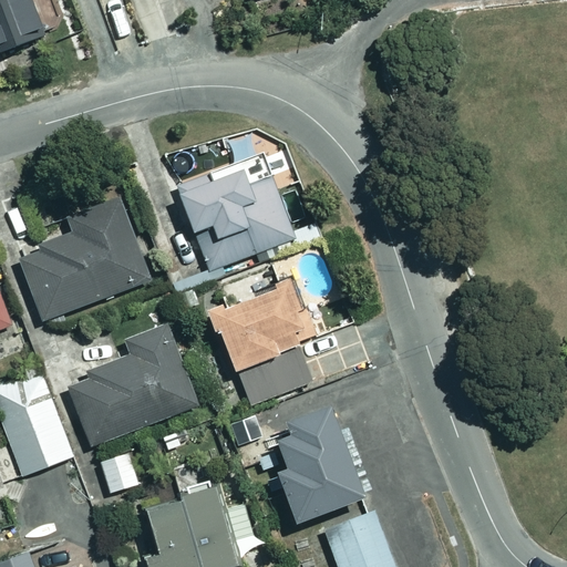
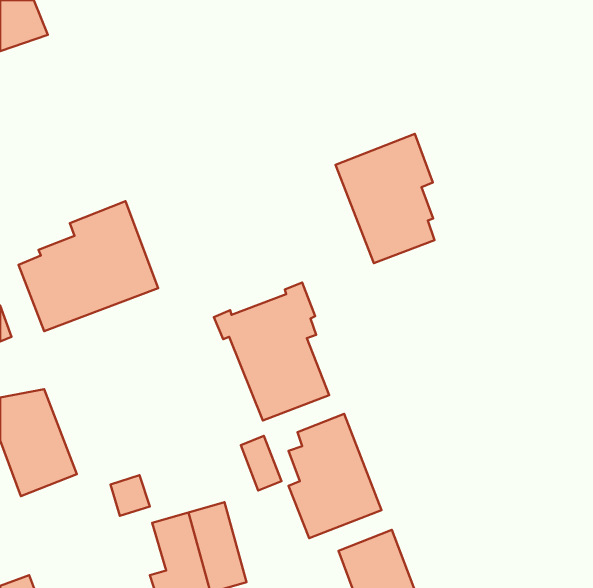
building: none -> [336,134,434,263]
building: [176,168,298,274] -> none
building: [66,321,199,447] -> none

